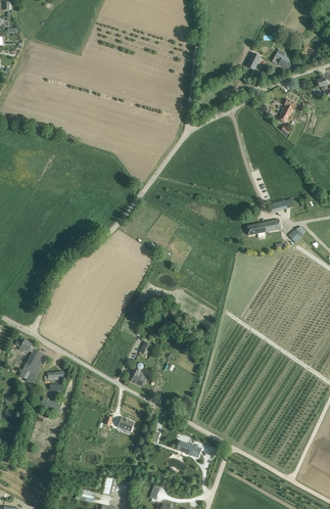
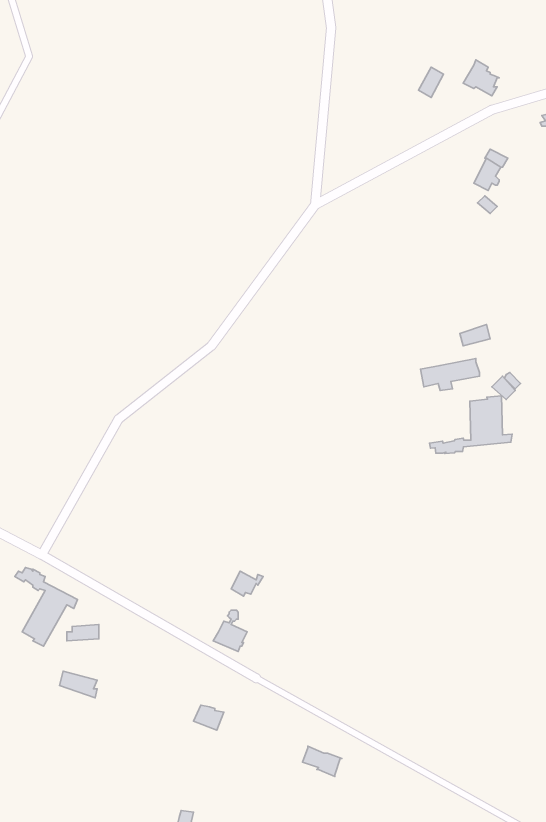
building: none -> [430,396,512,454]

